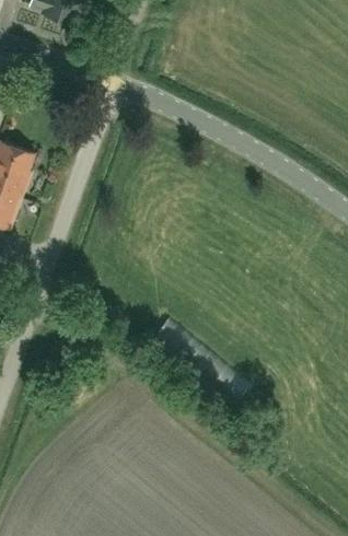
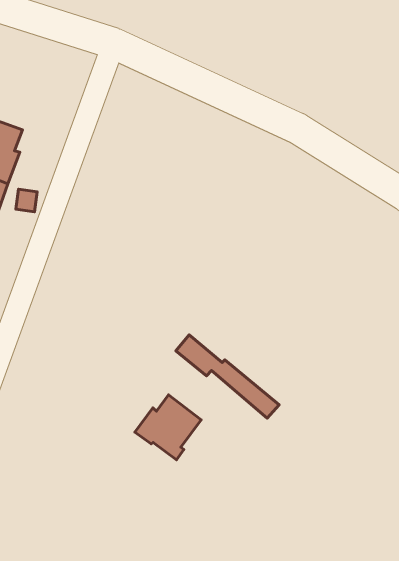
building: none -> [135,395,201,460]

